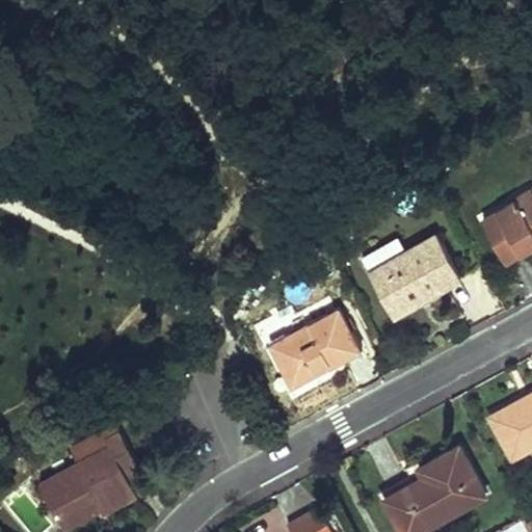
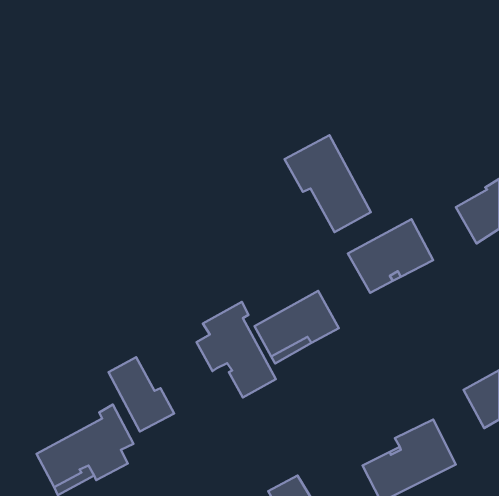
building: none -> [285,135,371,232]
building: none -> [196,302,276,397]
building: none -> [108,357,174,432]

